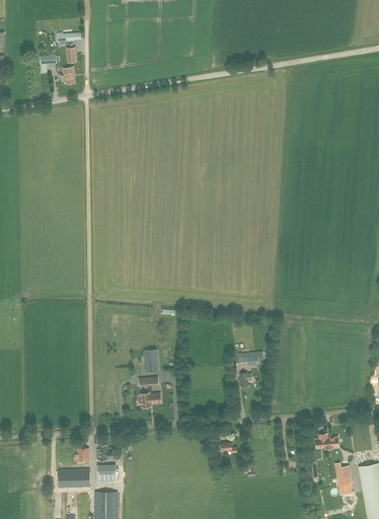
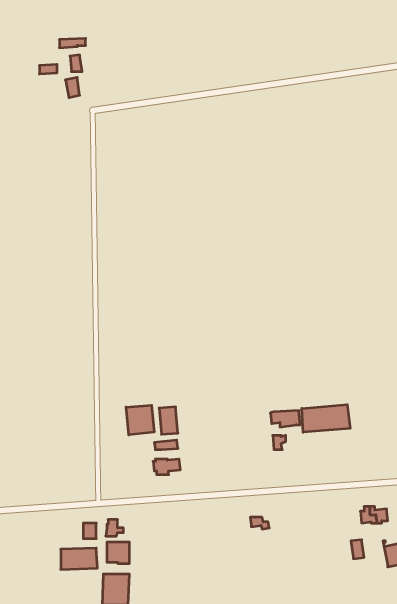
building: none -> [302,405,350,432]
building: none -> [126,405,154,435]

